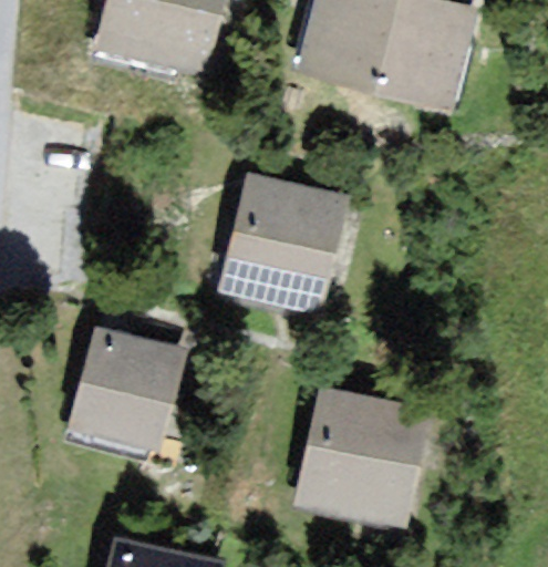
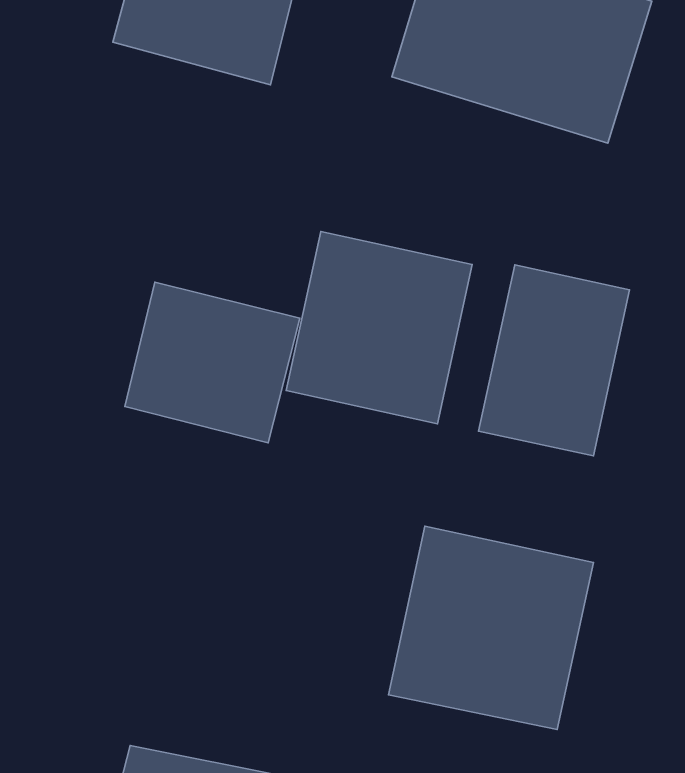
building: none -> [479,265,630,456]
building: [75,337,198,450] -> [125,282,300,443]

